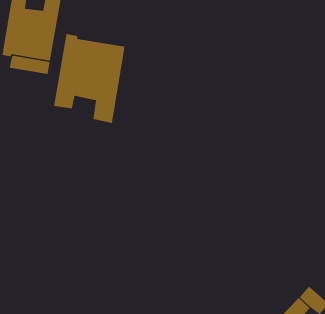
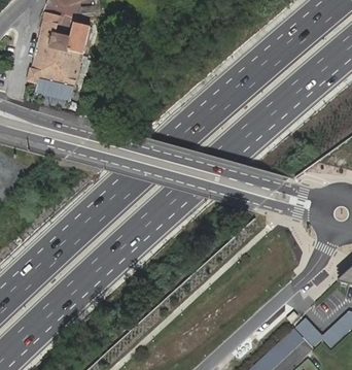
building: [53,33,125,124] -> none

